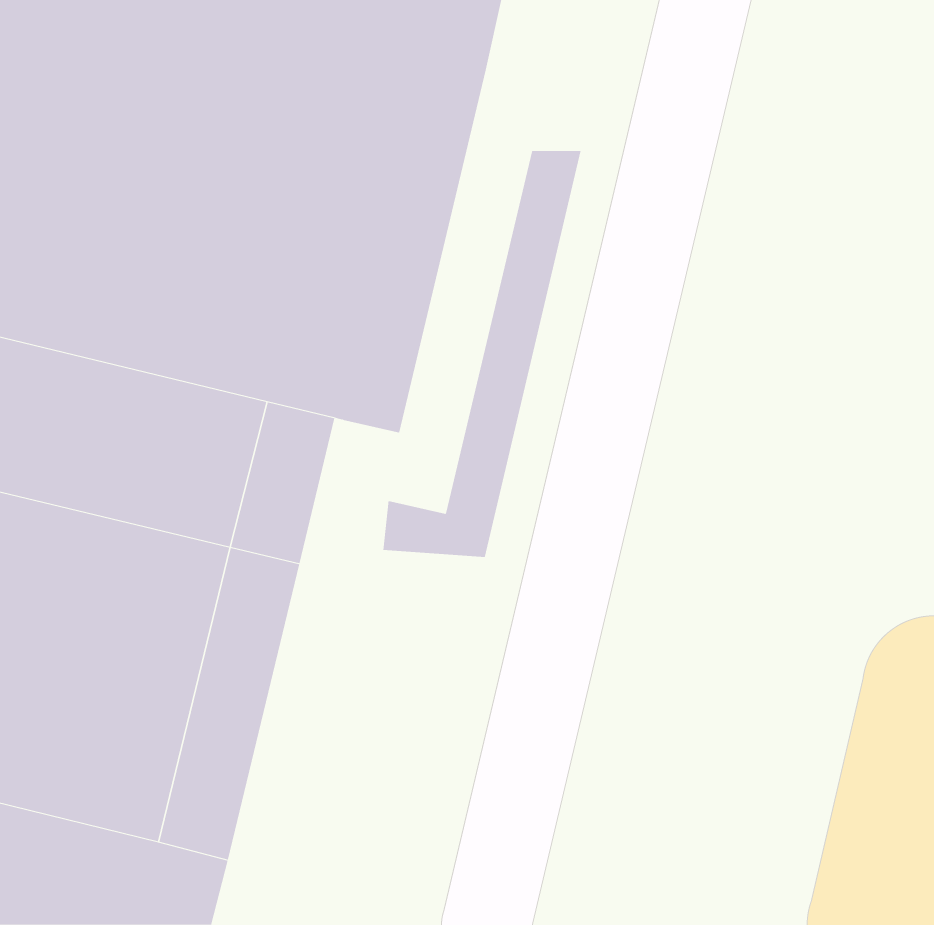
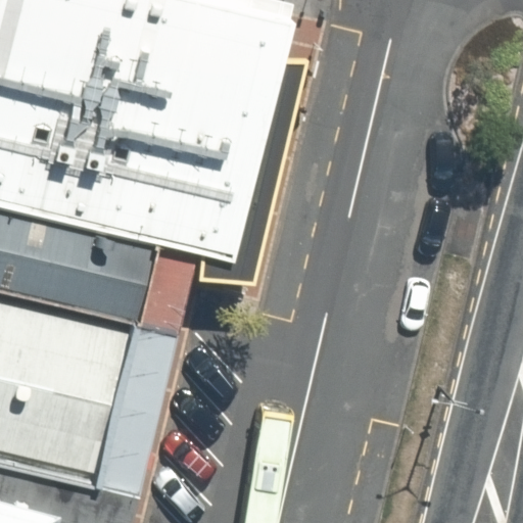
building: [382,150,581,558] -> [187,39,297,265]

